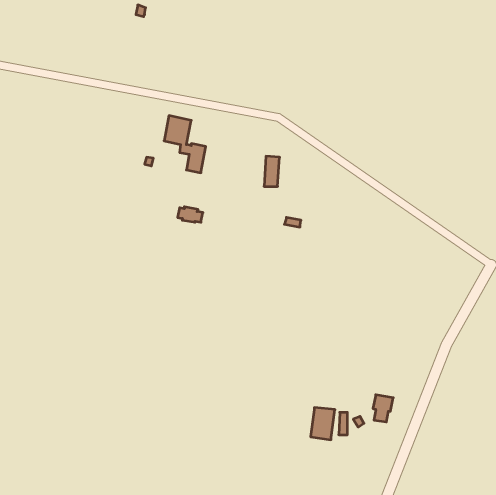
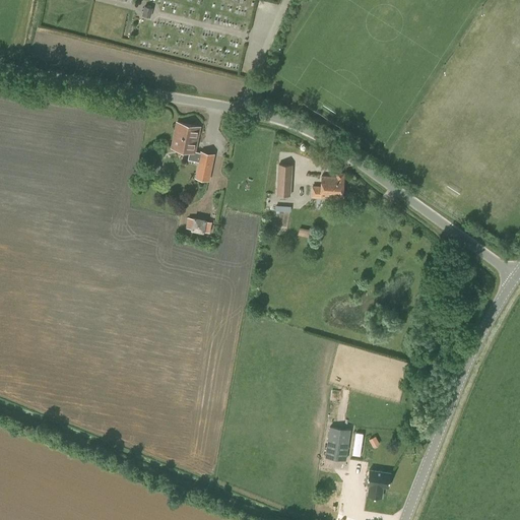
building: none -> [312,174,344,199]
building: [373,395,393,422] -> [367,469,388,498]

